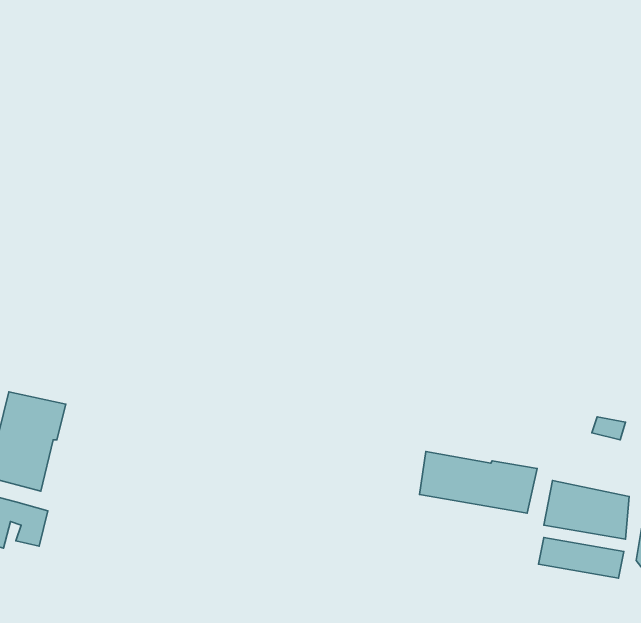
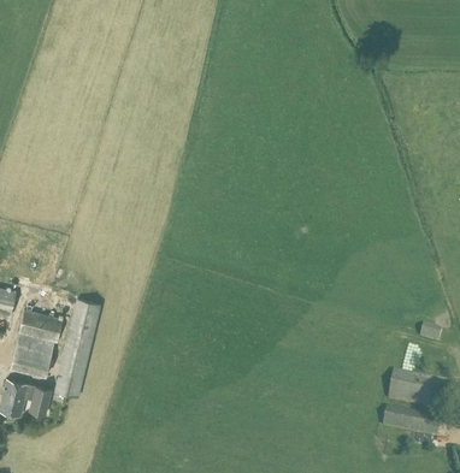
building: none -> [53,297,101,396]
building: [420,452,537,513] -> none

